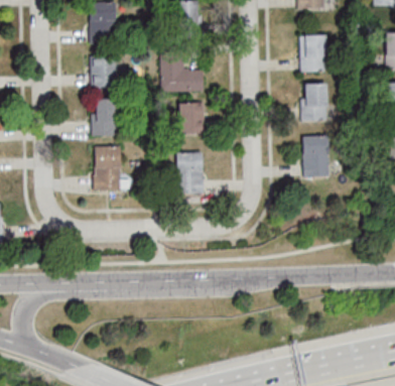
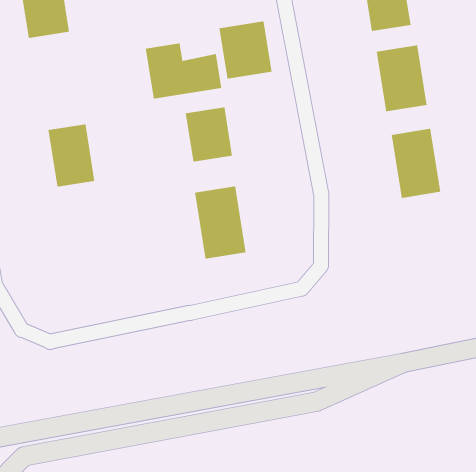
building: none -> [219,21,272,79]
building: [91,55,115,85] -> none
building: [93,146,128,189] -> none

